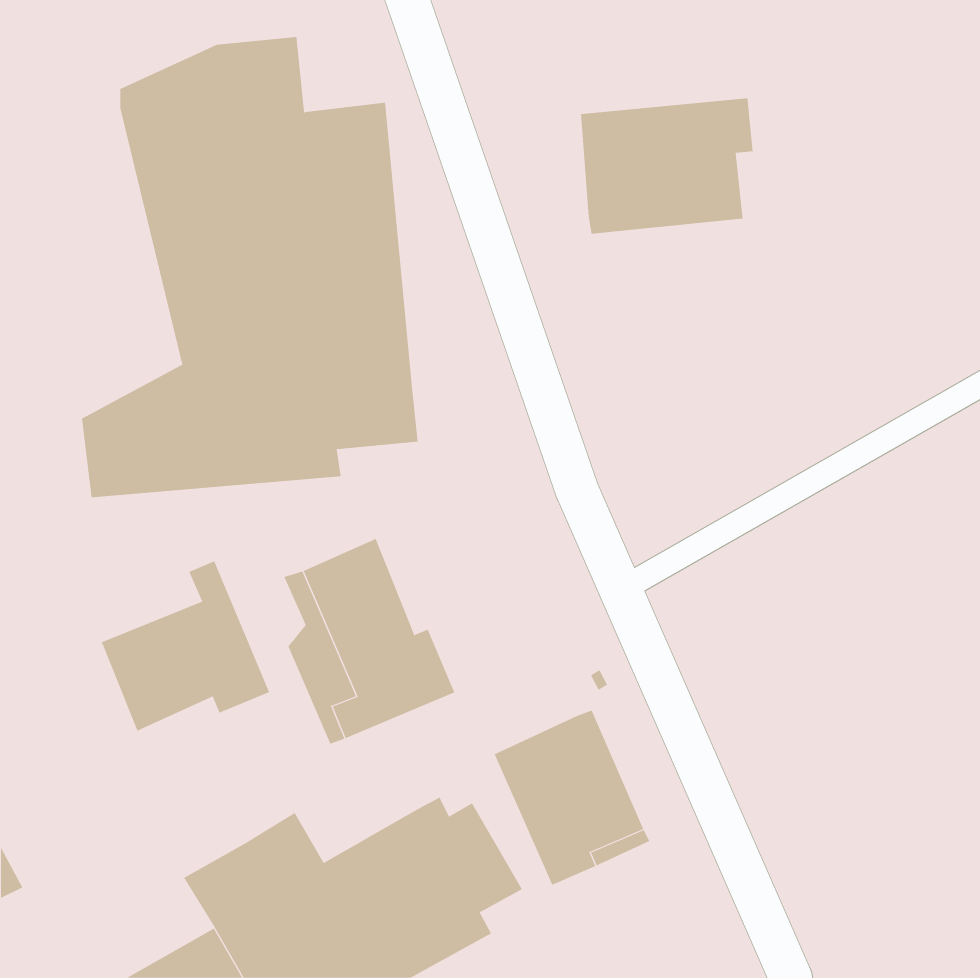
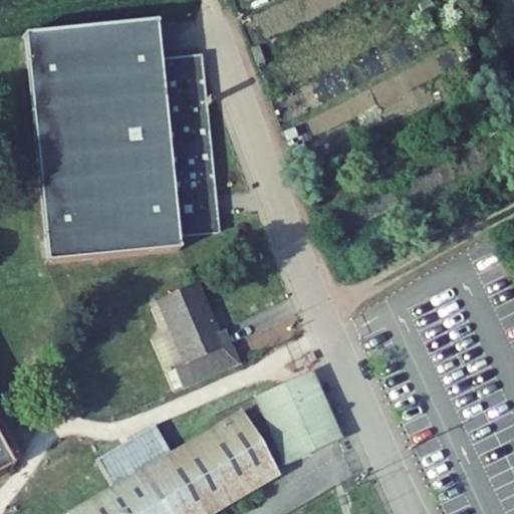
building: none -> [28,23,115,218]
building: [581,98,753,234] -> none
building: [101,560,270,731] -> none

